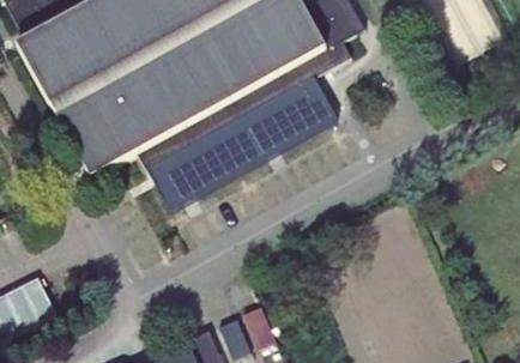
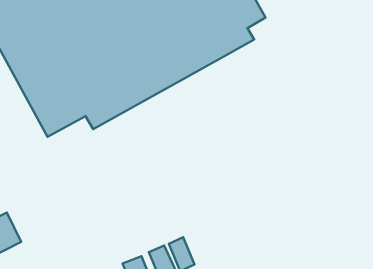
building: [147,80,337,213] -> none

